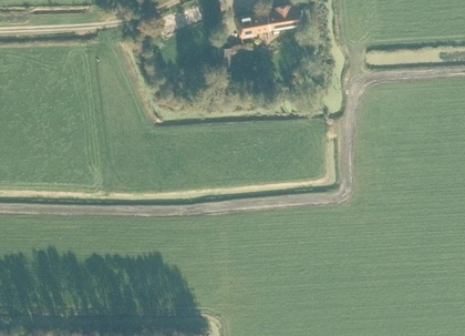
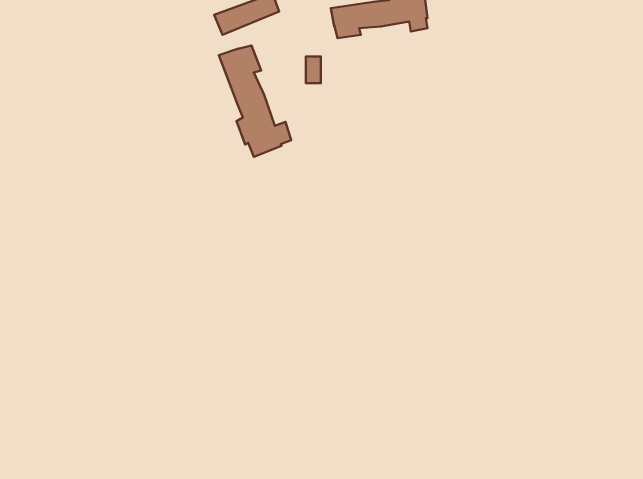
building: none -> [219,45,291,157]

